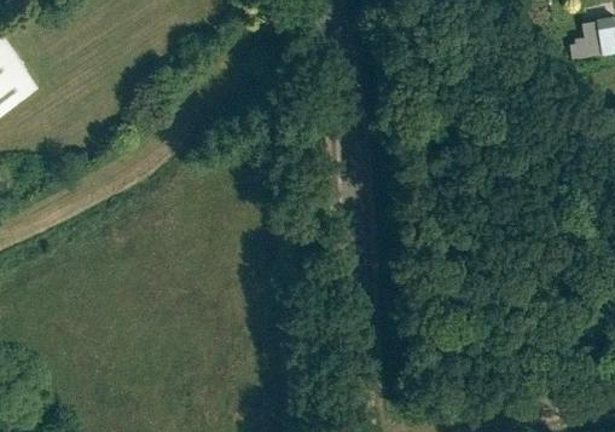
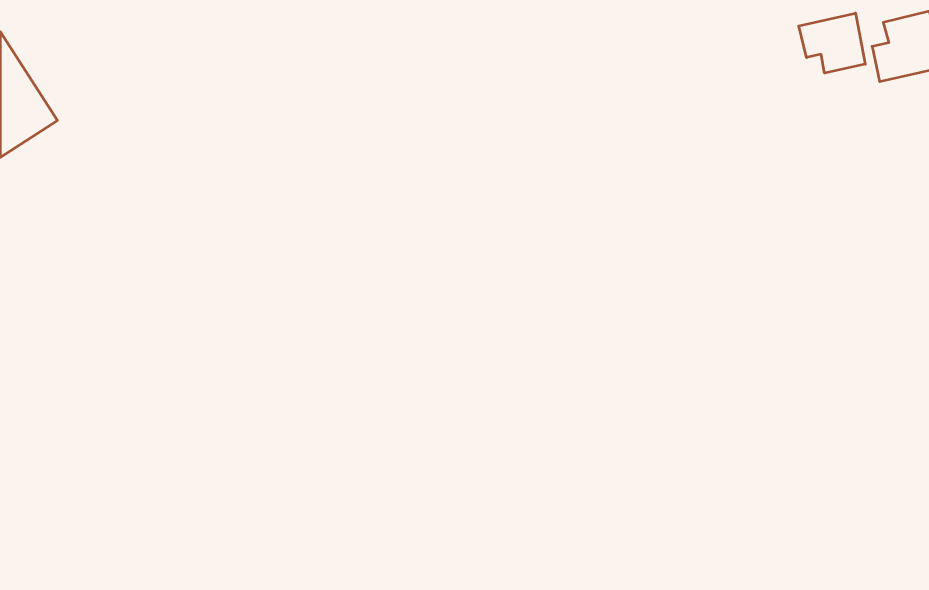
building: none -> [799,13,865,73]

